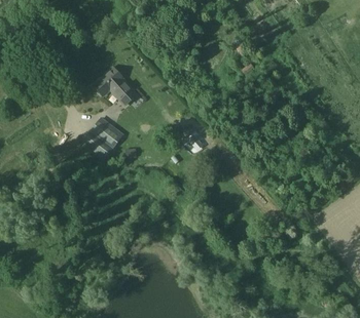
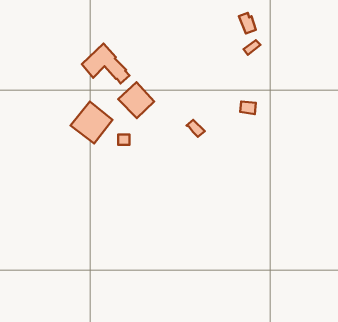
building: none -> [118,82,154,118]

